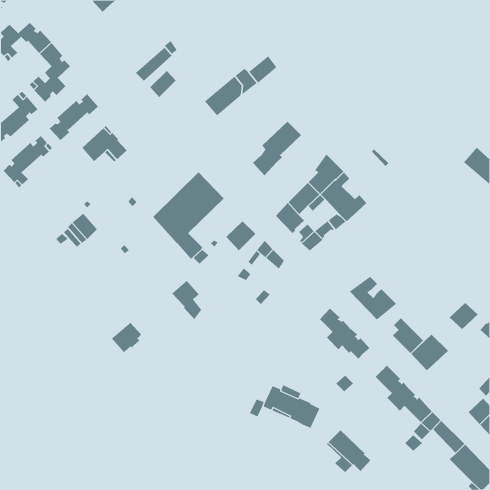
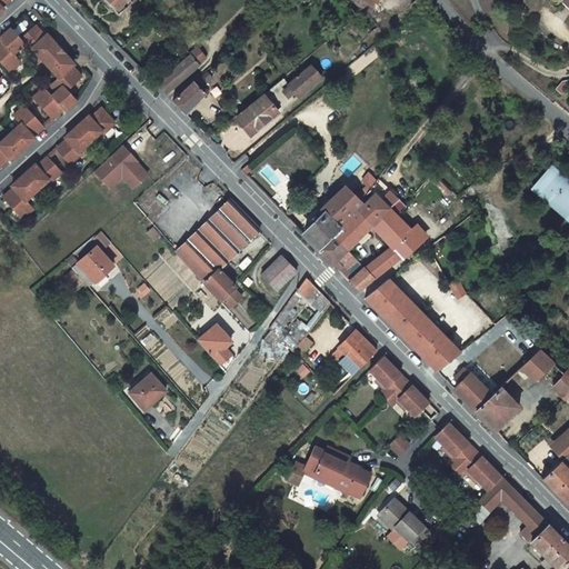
building: [252,121,302,176] -> [305,186,362,250]
building: none -> [365,279,429,338]
building: none -> [331,330,377,376]

